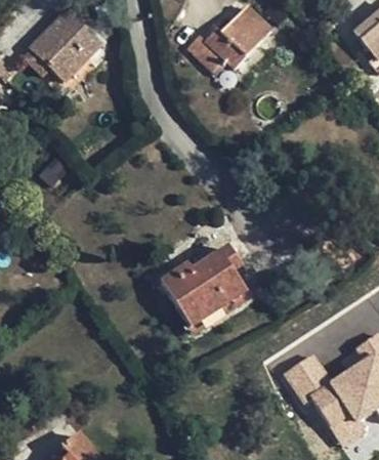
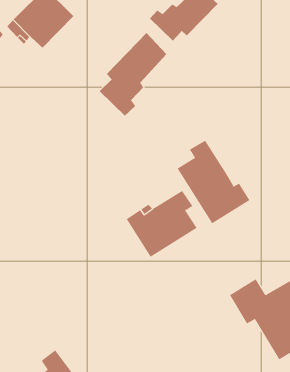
building: none -> [99,32,167,117]
building: none -> [177,140,250,224]

